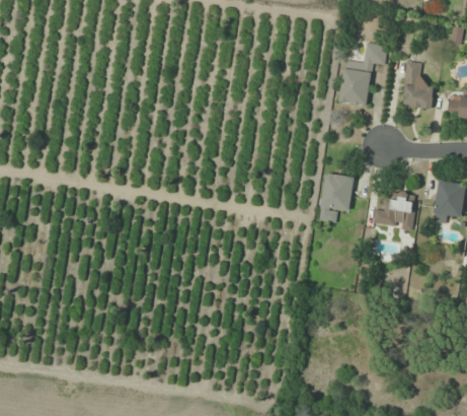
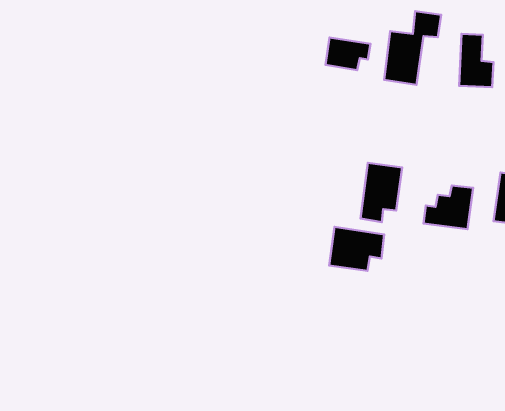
building: none -> [325,38,371,70]
building: none -> [329,227,384,271]

